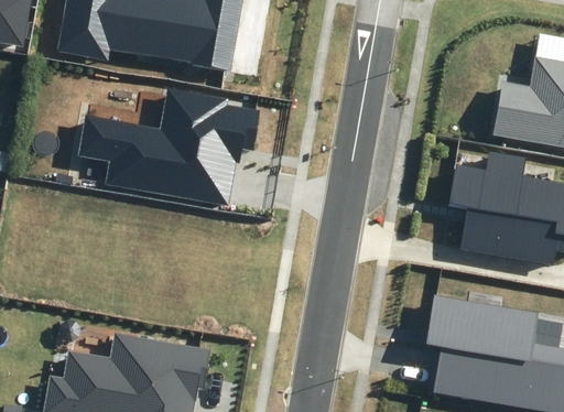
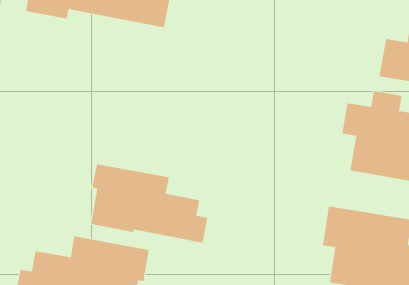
building: [80,87,261,204] -> none
building: none -> [90,164,208,244]

